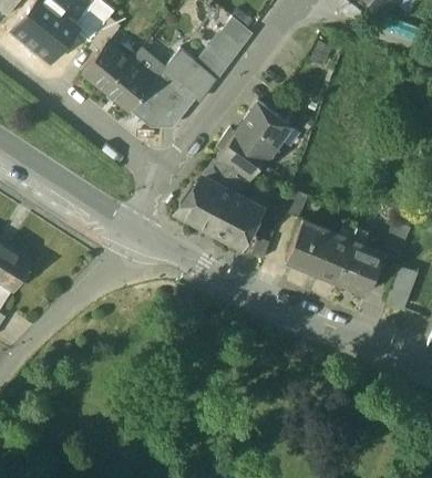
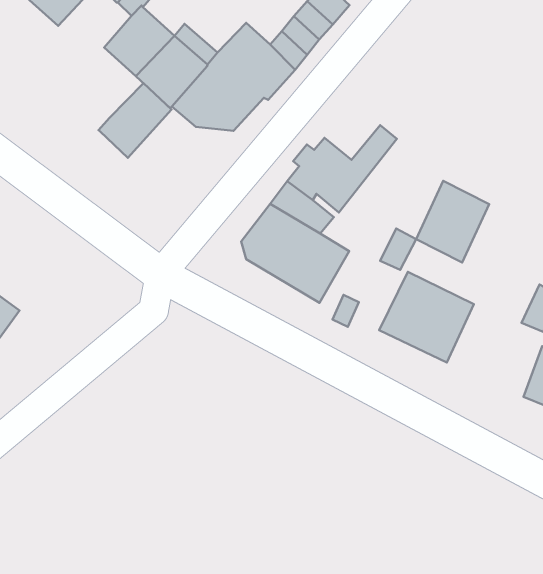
building: none -> [98,83,171,158]
building: [239,102,278,142] -> none
building: [335,238,384,294] -> [416,181,489,262]

